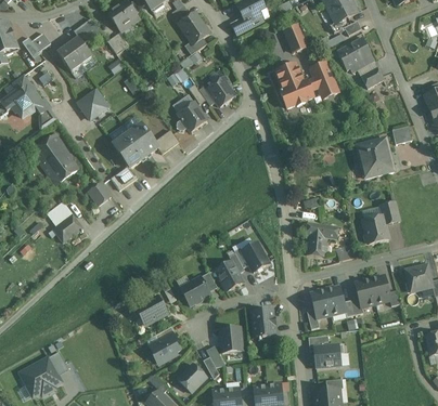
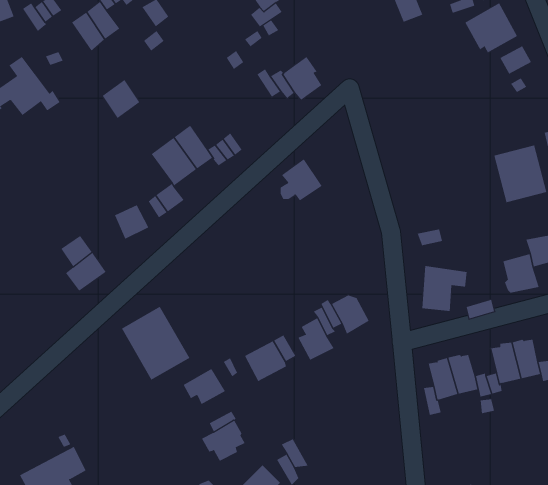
building: [275,62,338,108] -> none
building: [177,101,207,131] -> [280,158,323,201]
building: [31,132,79,185] -> none
building: none -> [121,306,190,380]
building: [252,309,275,337] -> none
building: [220,326,243,352] -> none
building: [314,343,344,367] -> none

